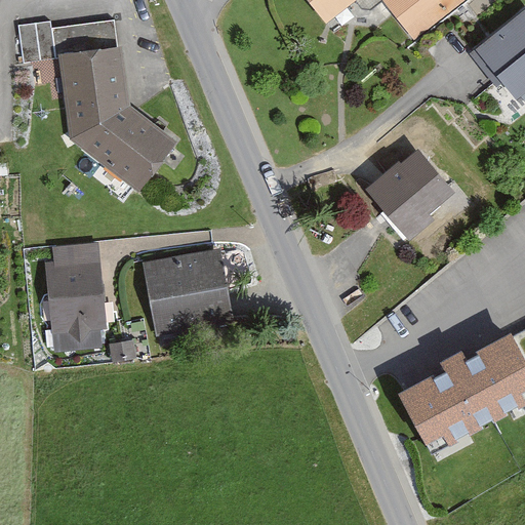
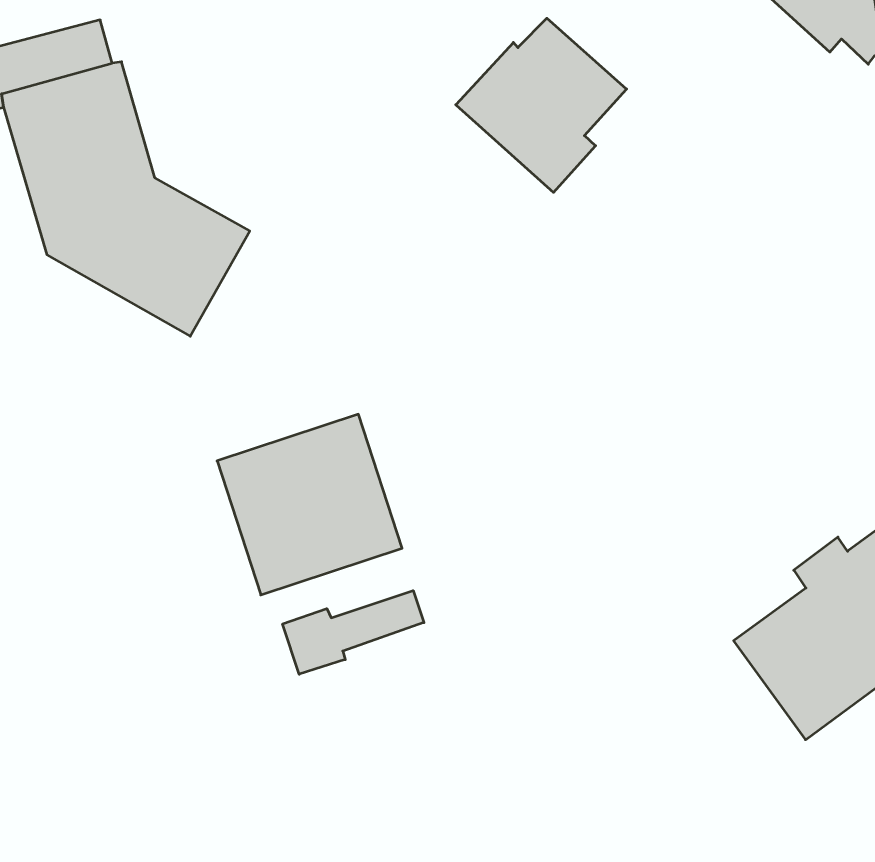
building: [364,149,455,241] -> [456,18,627,192]
building: [46,243,108,353] -> none
building: none -> [283,591,424,674]

